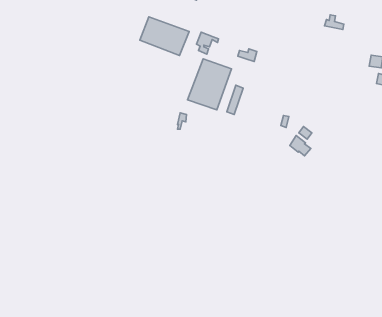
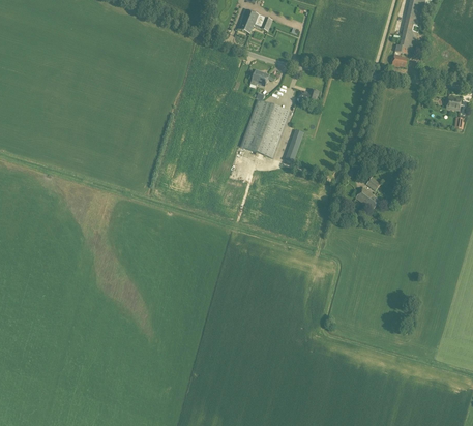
building: [140,17,189,56] -> none

